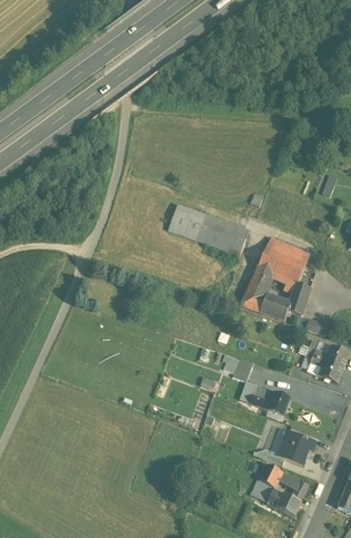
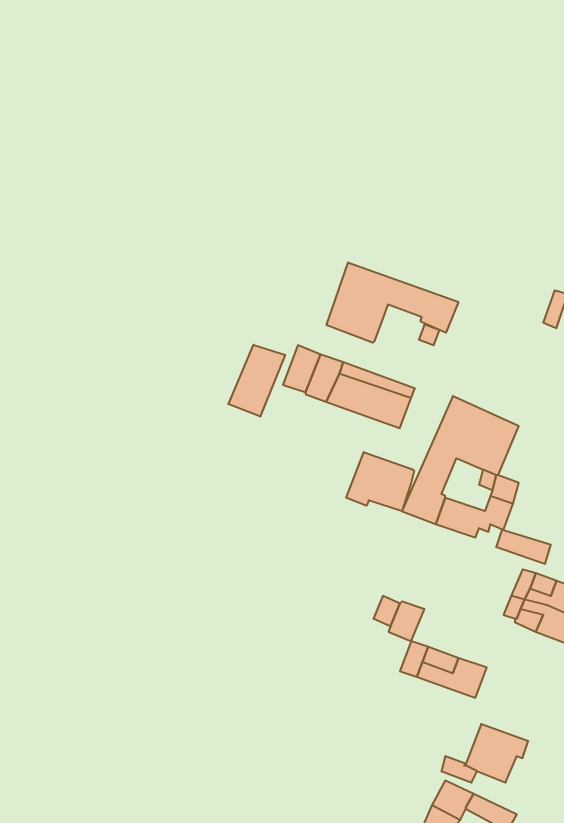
building: none -> [327,262,458,343]
building: none -> [228,345,285,417]
building: none -> [346,452,414,511]

